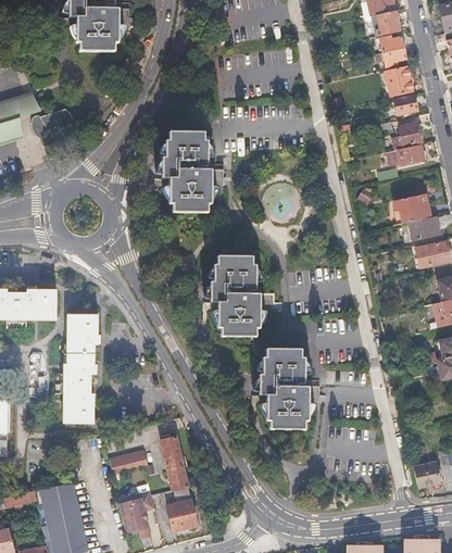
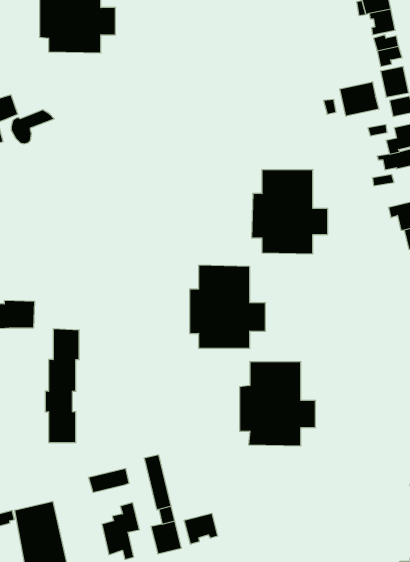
building: none -> [340,82,379,116]
building: [153,131,226,212] -> [252,170,328,254]
building: none -> [184,513,218,544]

